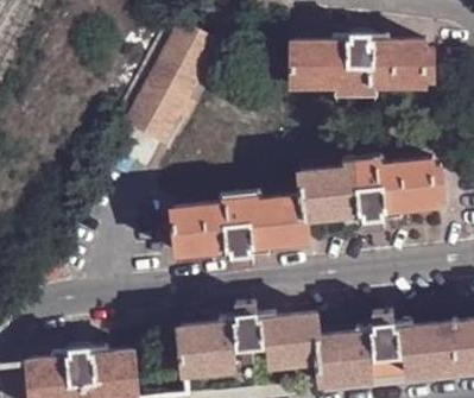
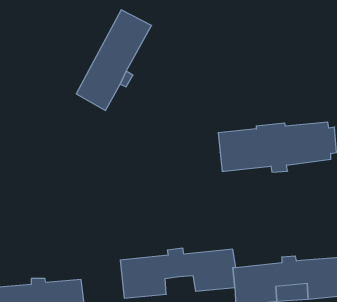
building: [290,36,430,93] -> none
building: [171,197,306,257] -> none

